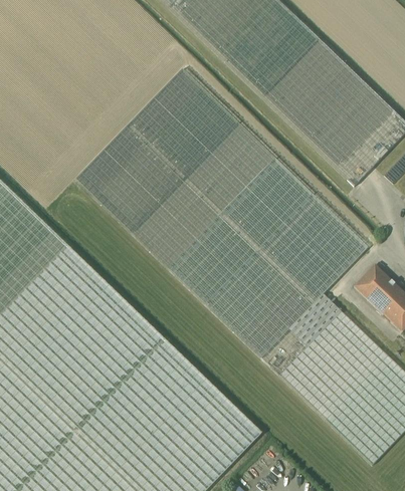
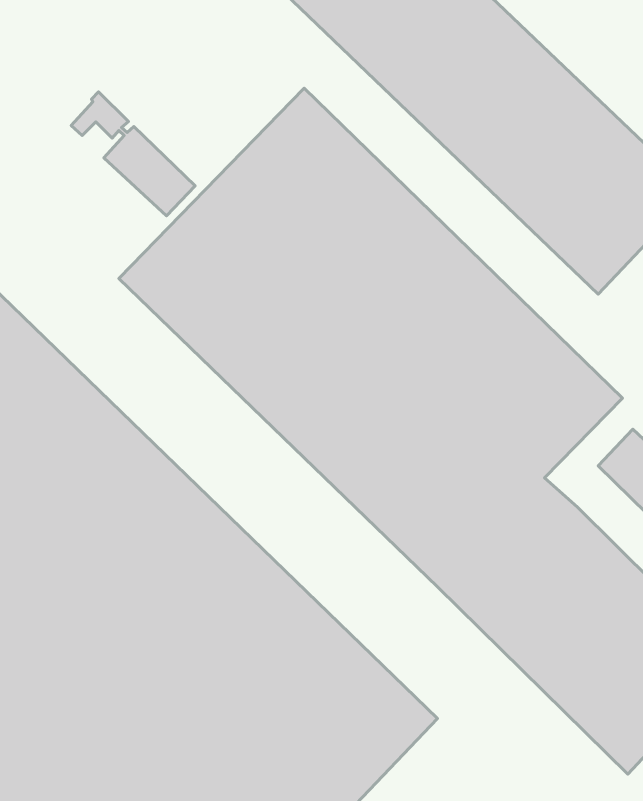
building: none -> [71,92,195,216]

